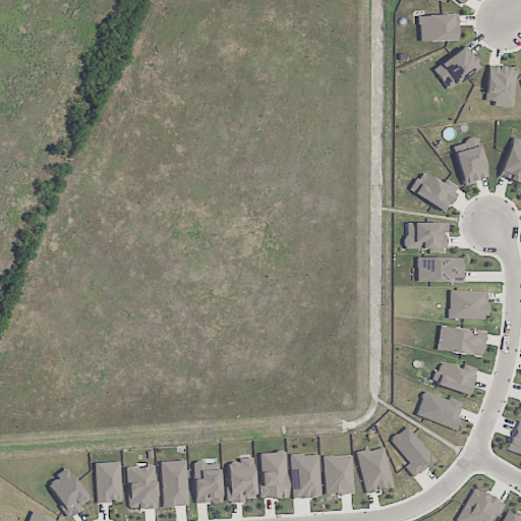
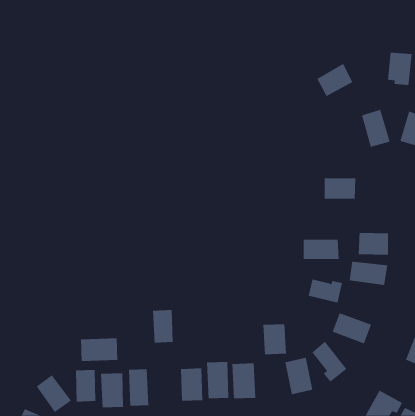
building: [419,14,455,41] -> none
building: [433,47,479,89] -> [316,63,353,97]
building: [410,170,460,212] -> none
building: [417,256,463,282] -> [303,239,339,259]
building: [433,362,477,393] -> [308,279,343,303]
building: none -> [81,337,118,362]
building: [324,455,354,494] -> [262,324,287,355]
building: [194,461,221,503] -> [152,310,173,343]

